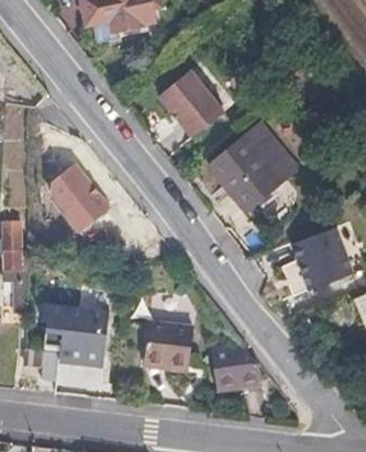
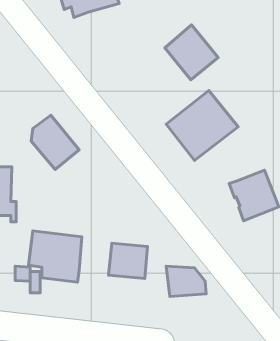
building: [159,69,225,137] -> [165,25,218,80]

